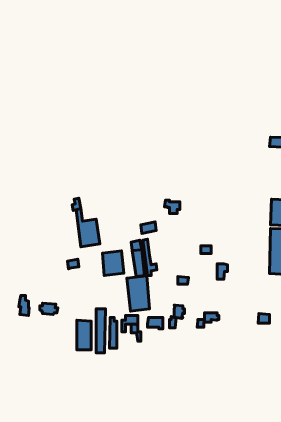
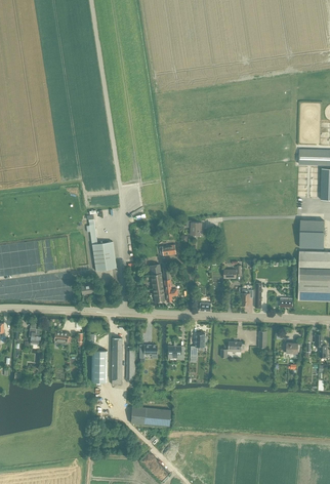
building: [102,251,124,275] -> none
building: [127,276,150,311] -> none
building: none -> [131,406,170,426]

